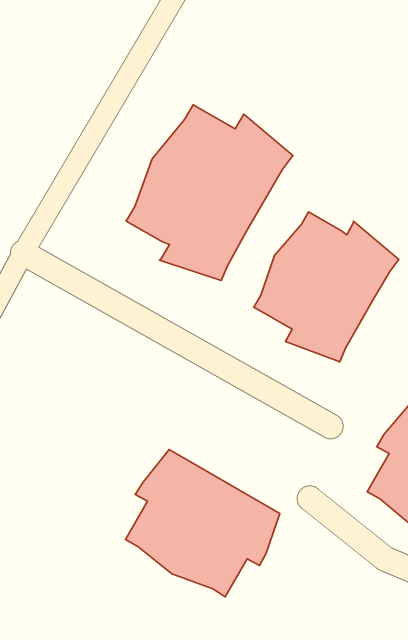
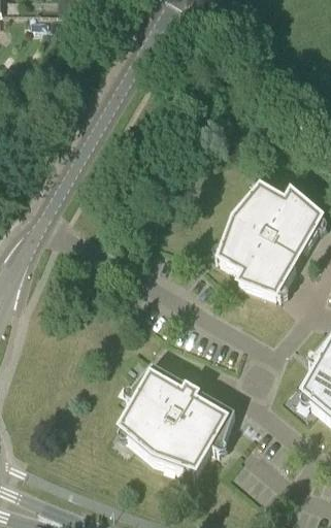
building: [126,105,293,281] -> none

